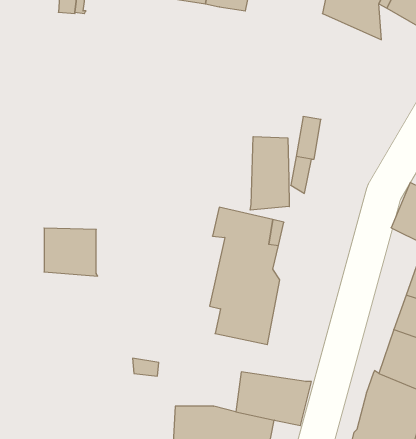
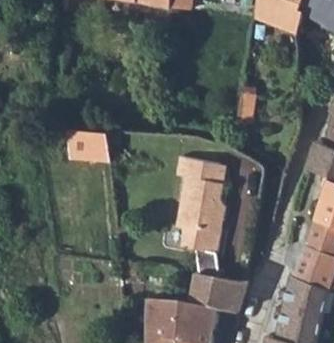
building: [250,137,289,210] -> none
building: [44,228,98,276] -> [70,129,109,164]

